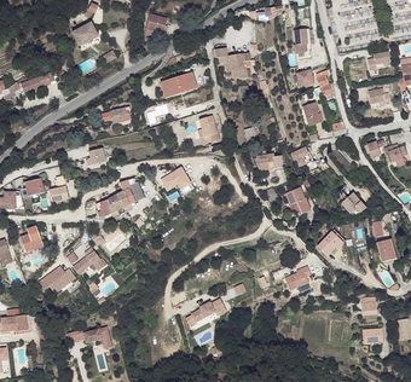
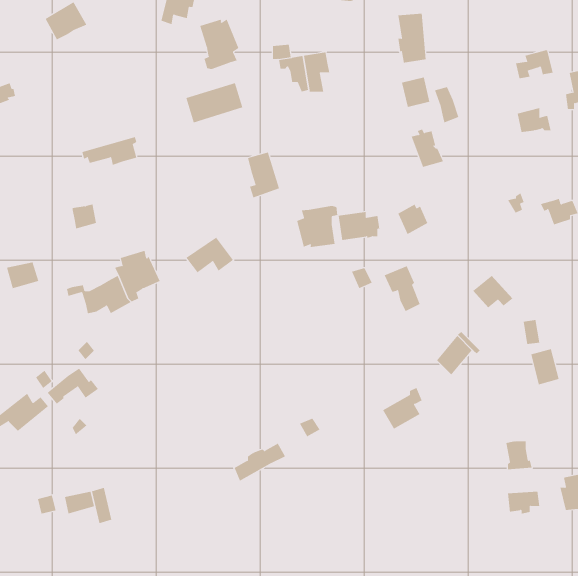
building: none -> [200,19,239,70]
building: none -> [297,205,338,248]

